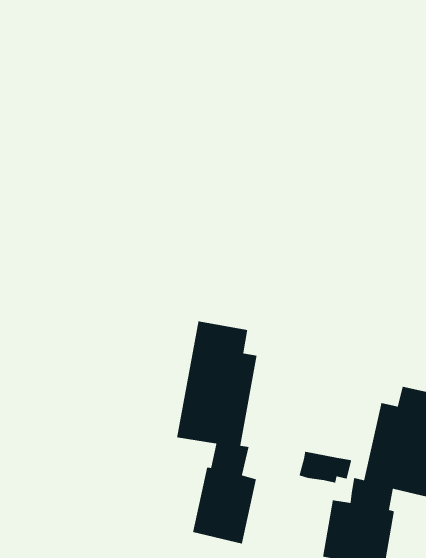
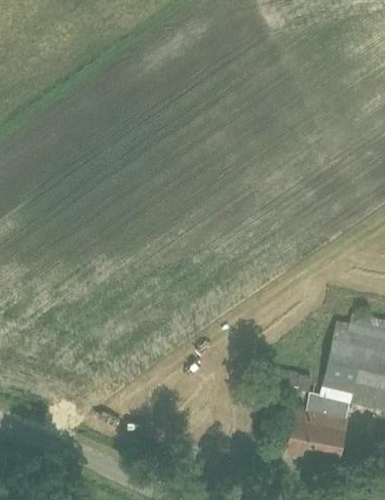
building: [176,320,258,545] -> none

